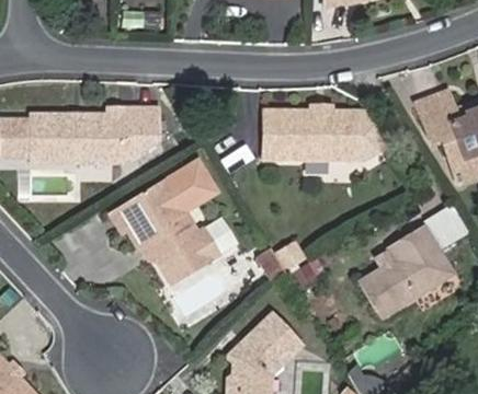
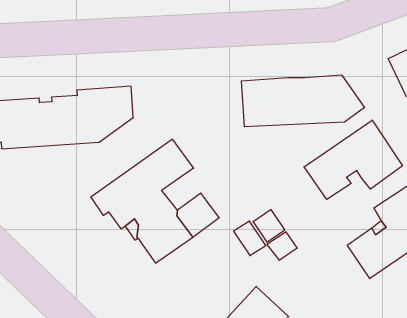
building: none -> [304,120,402,199]

